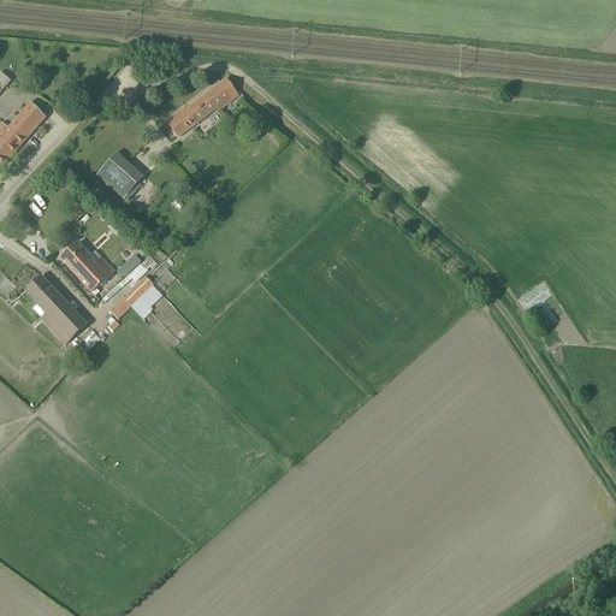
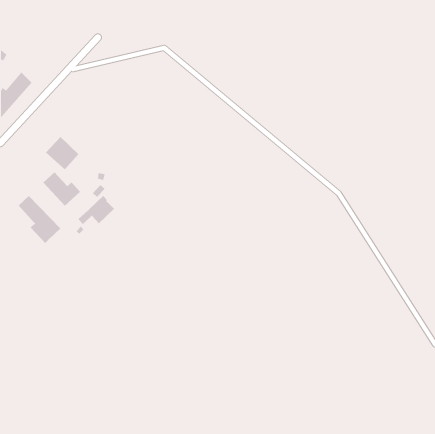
building: [166,77,237,136] -> none
building: [95,149,143,197] -> [45,136,79,170]

